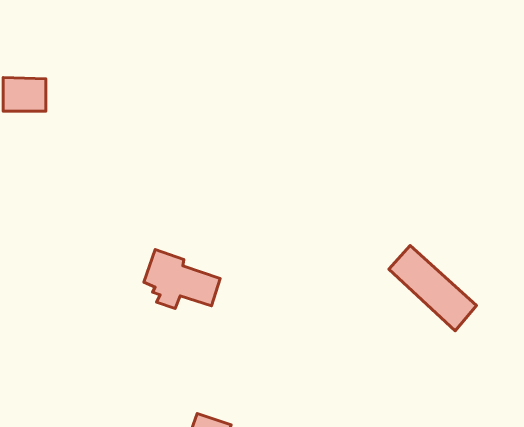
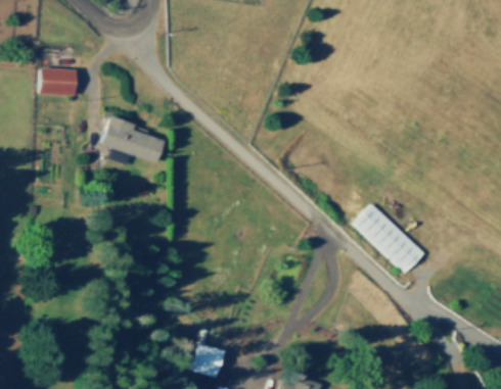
building: [144,250,220,308] -> [102,117,165,165]

